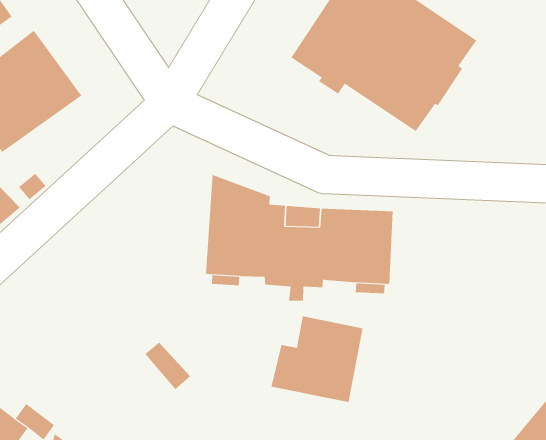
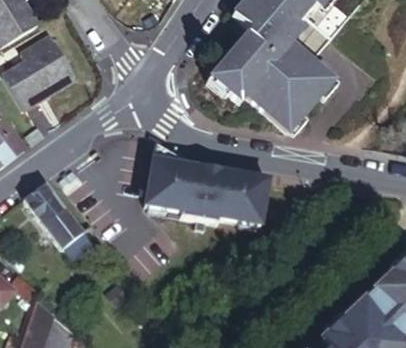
building: none -> [25,184,92,260]
building: [271,316,363,403] -> none

